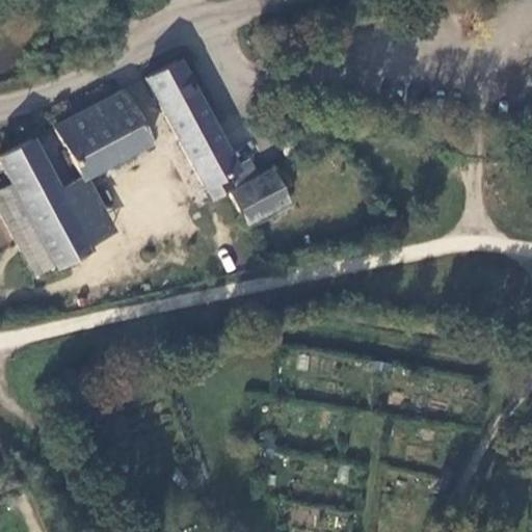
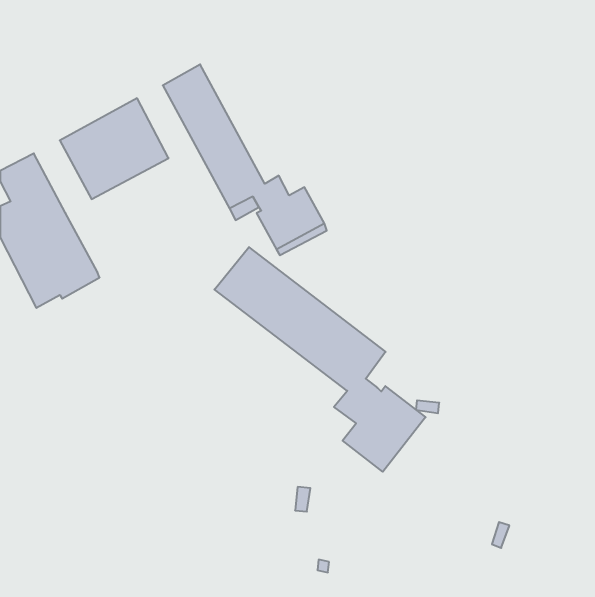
building: [61,178,113,242] -> none
building: none -> [214,247,426,472]

